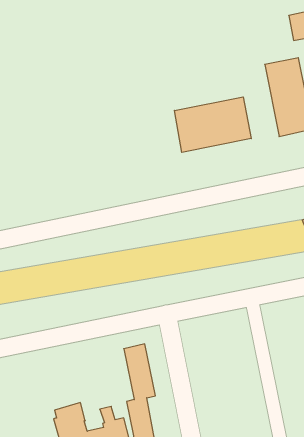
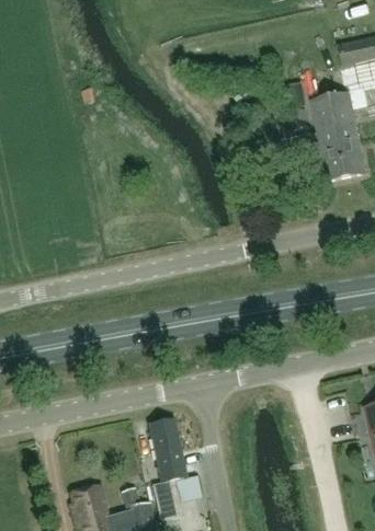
building: [174,97,251,152] -> none

